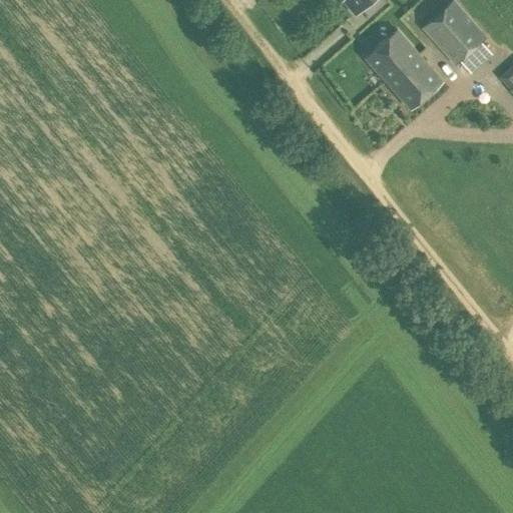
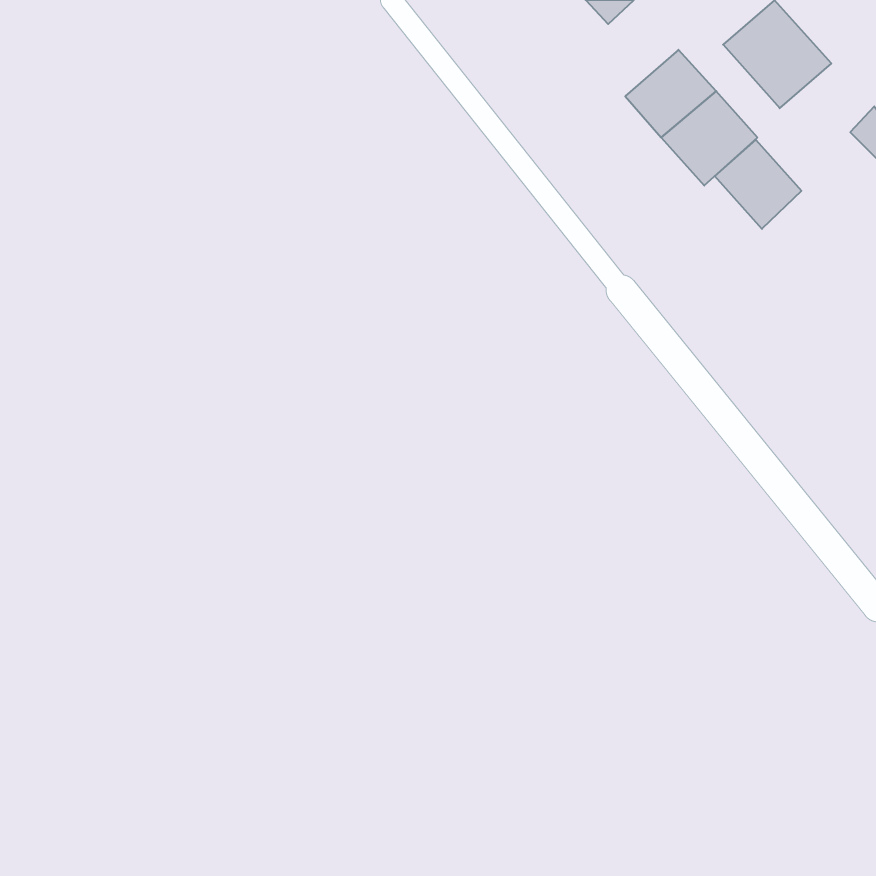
building: none -> [715,140,801,229]

